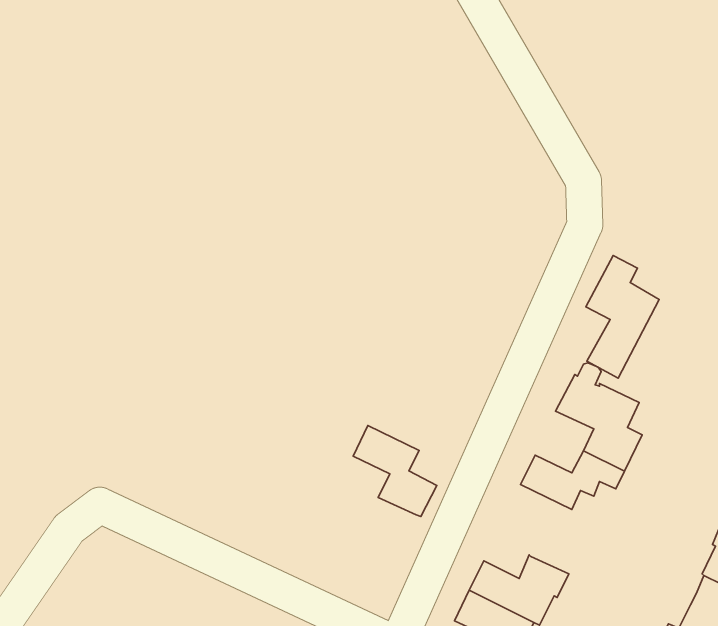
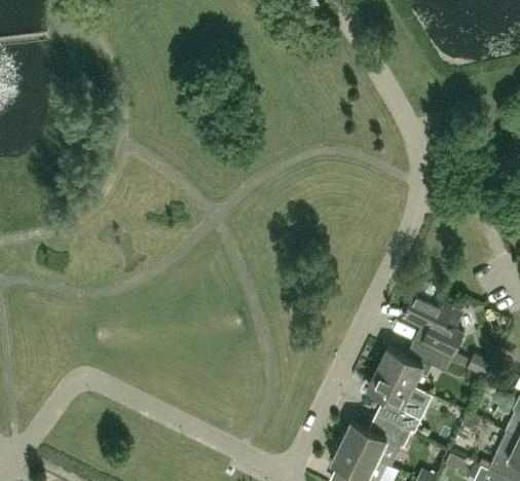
building: [586,256,659,378] -> none
building: [353,426,437,516] -> [367,369,425,433]

